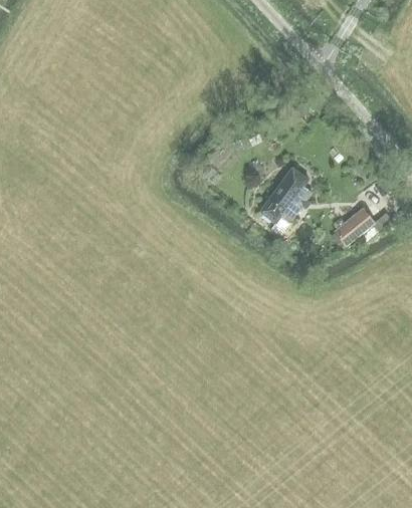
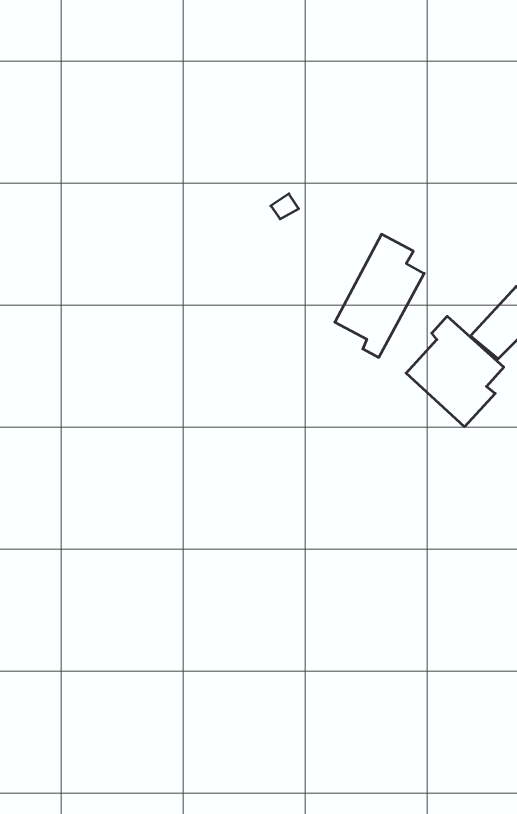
building: none -> [406,316,504,427]

